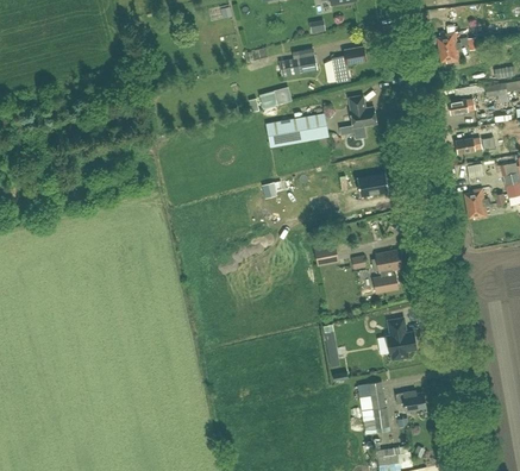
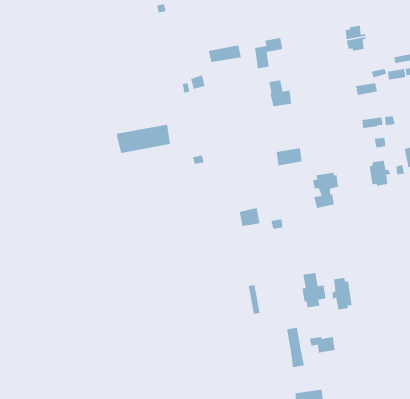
building: [265,113,328,147] -> [116,124,171,154]
building: [371,250,402,293] -> [312,172,339,209]
building: none -> [332,277,352,310]

